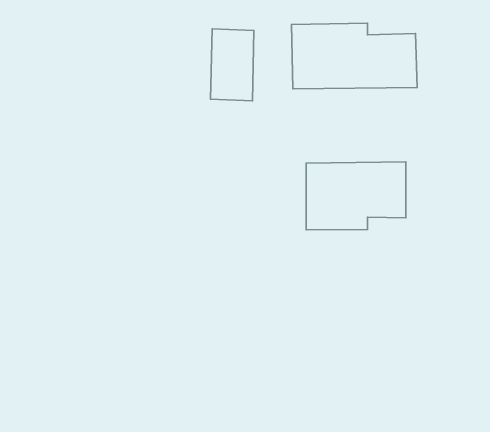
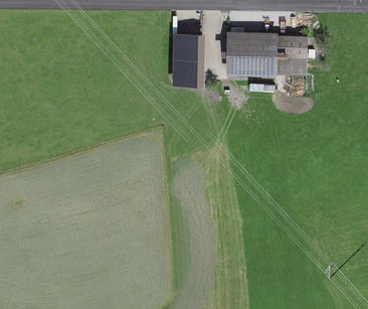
building: [306,162,406,230] -> none

